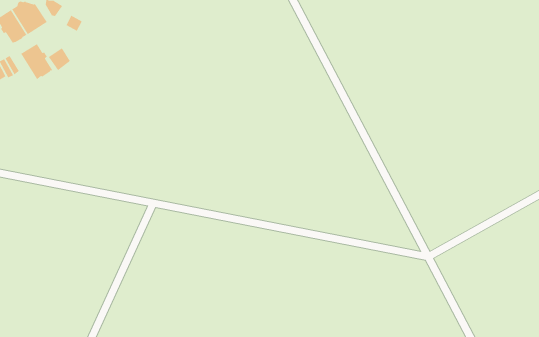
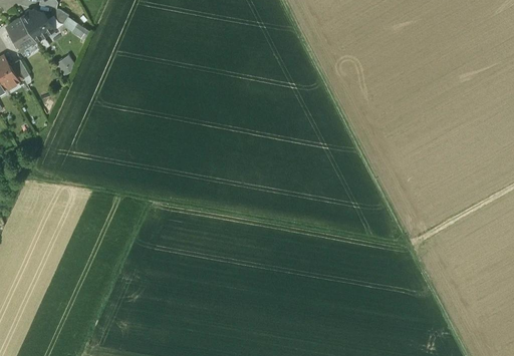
building: [20,43,53,80] -> none

